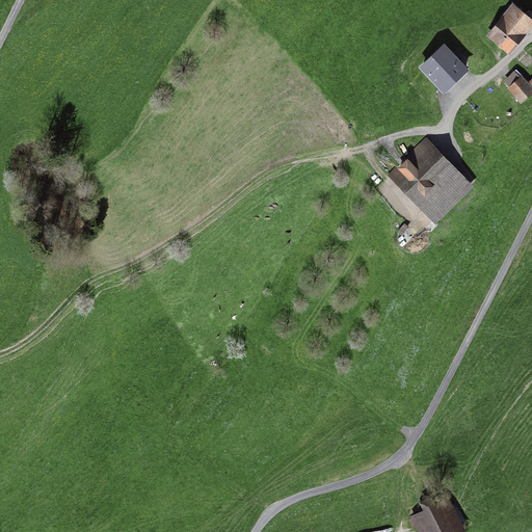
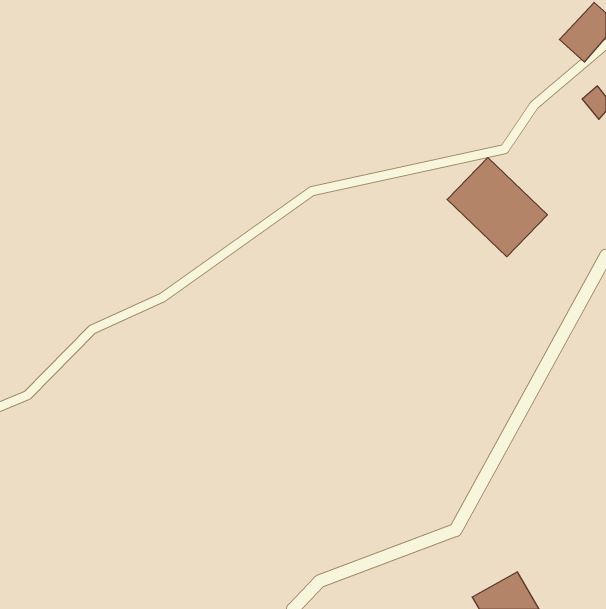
building: [419,48,462,91] -> none

